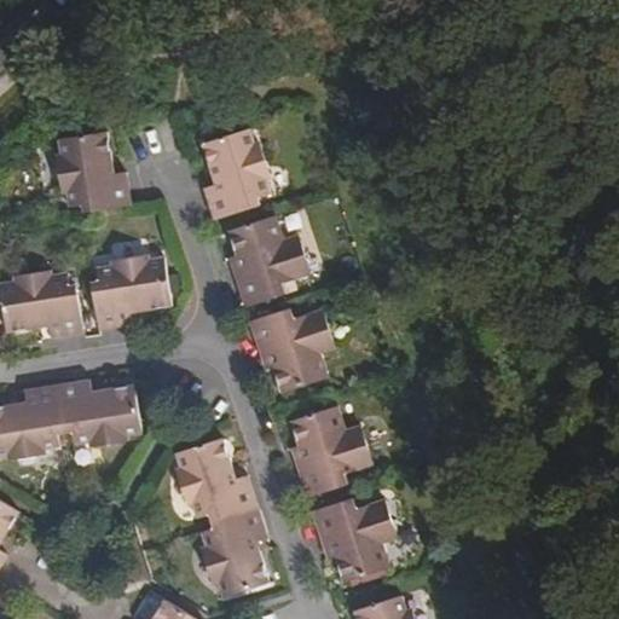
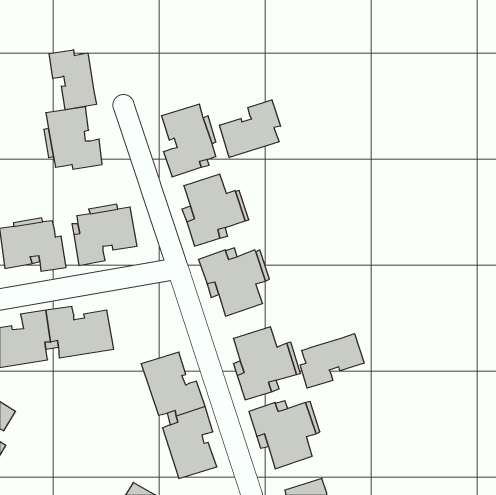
building: none -> [49,50,96,110]
building: none -> [219,100,281,158]
building: none -> [300,334,364,388]

